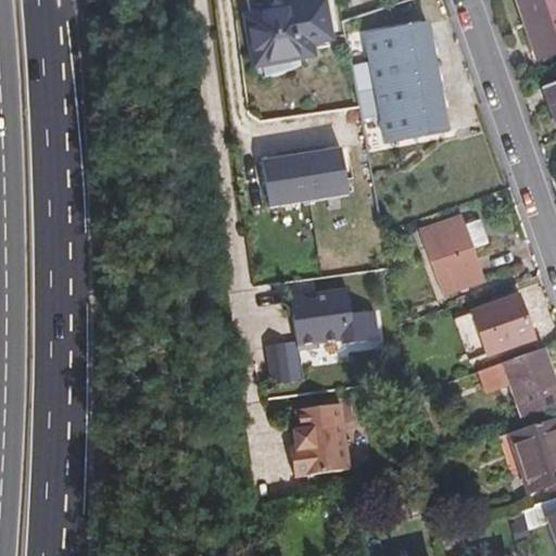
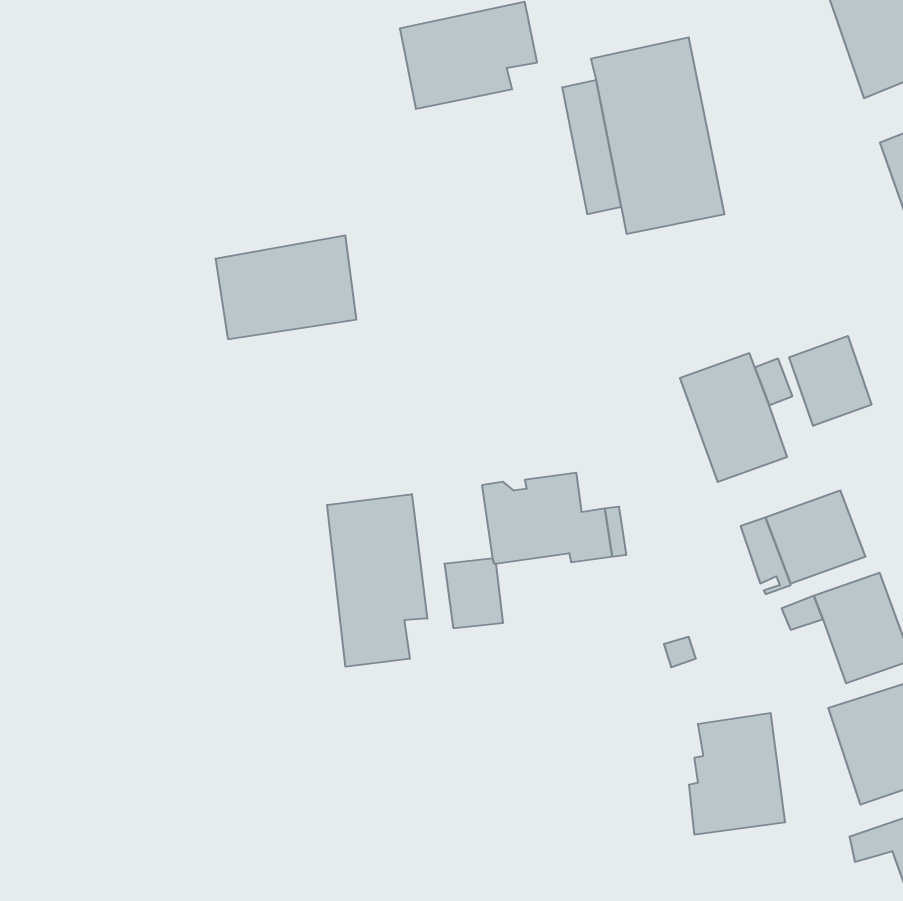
building: [265,142,351,205] -> [215,236,356,339]
building: none -> [789,336,872,426]
building: none -> [327,494,427,667]
building: [306,400,365,473] -> [689,713,785,835]

